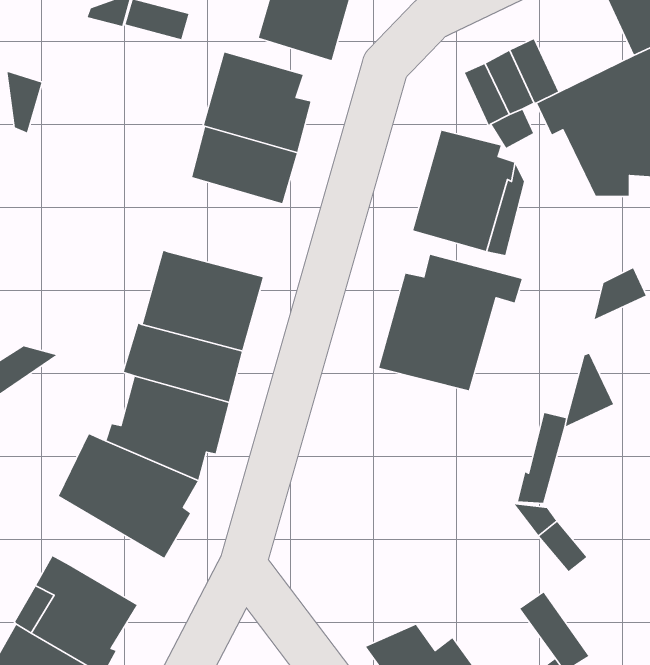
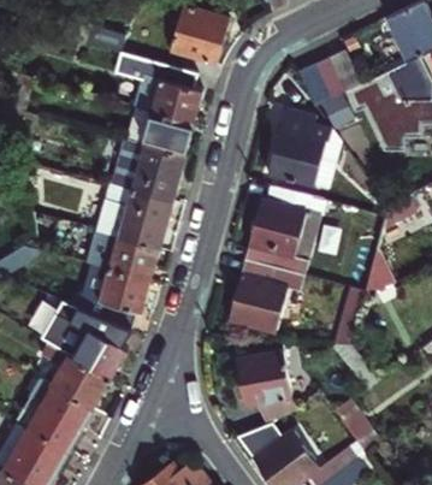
building: none -> [112,140,184,202]
building: none -> [227,260,302,332]
building: none -> [41,344,110,409]
building: none -> [235,351,296,421]

